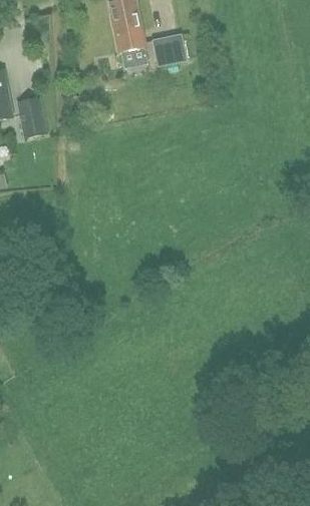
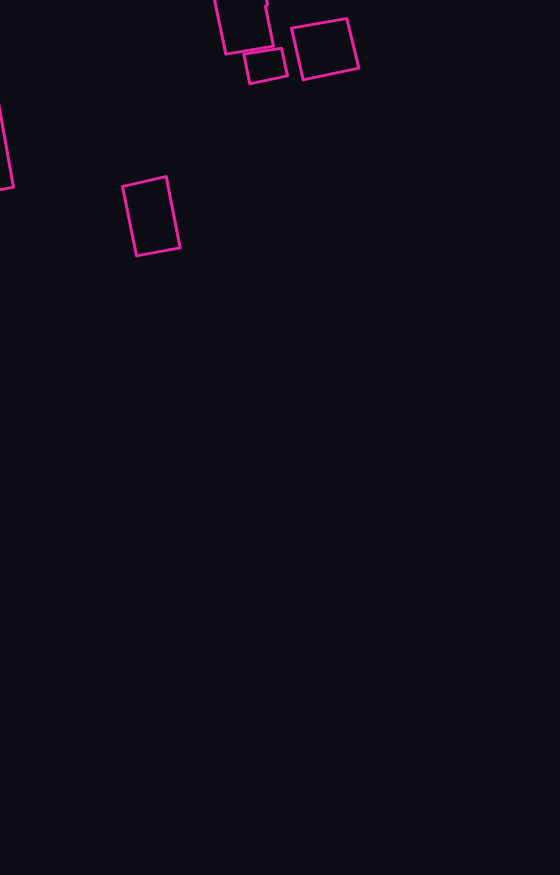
building: [18,97,47,137] -> [123,176,180,256]

